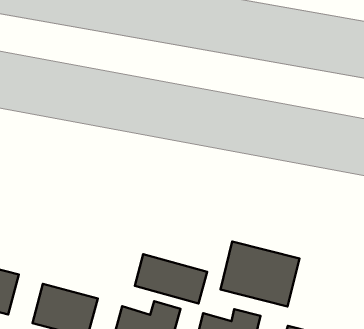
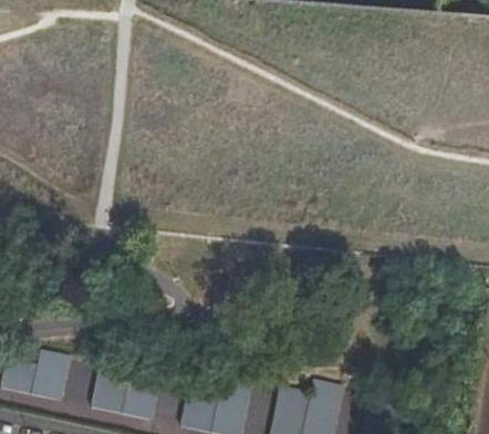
building: [220,242,299,306] -> none
building: [135,254,207,303] -> none

